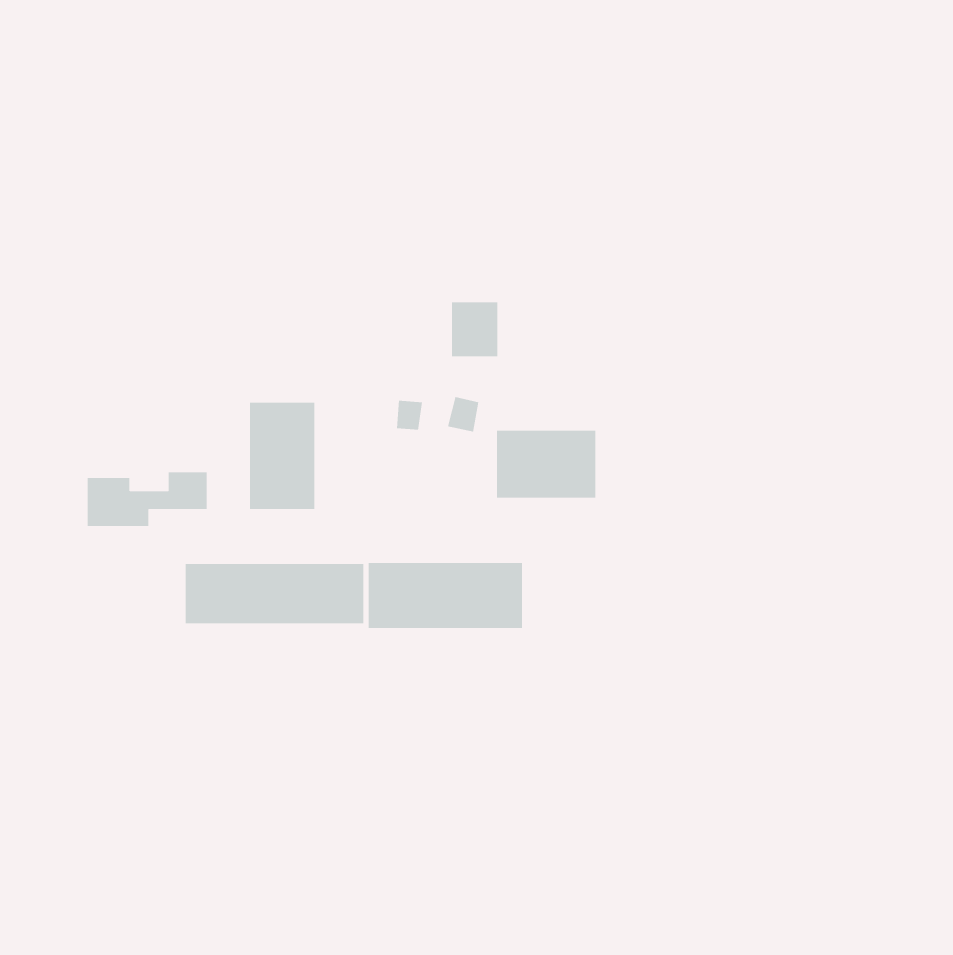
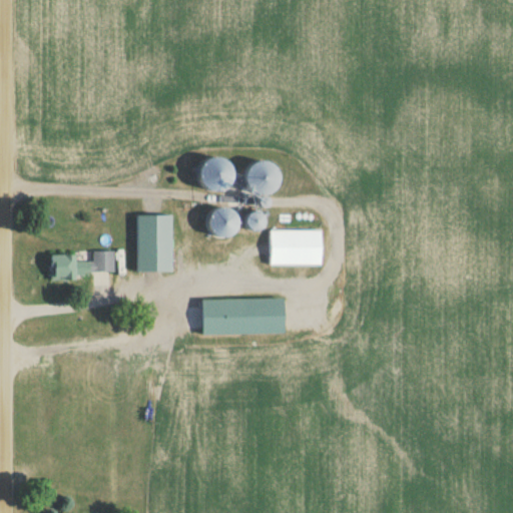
building: none -> [197,156,226,189]
building: [185,563,364,624] -> none

